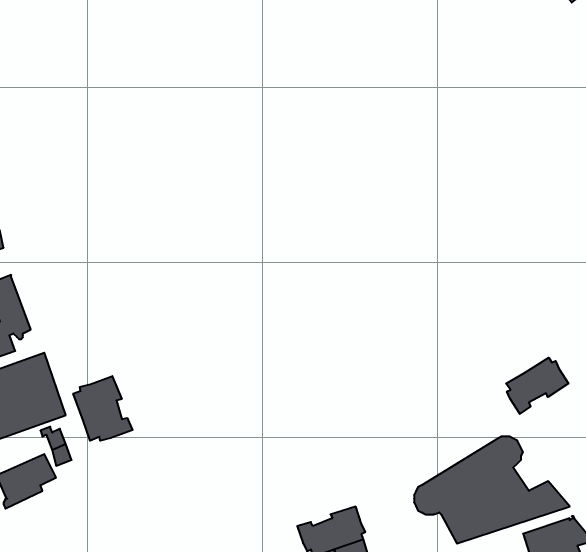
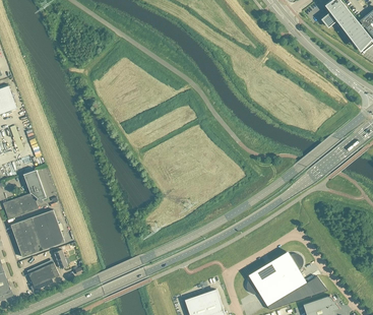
building: [506,358,568,414] -> none
building: [73,376,133,441] -> none

